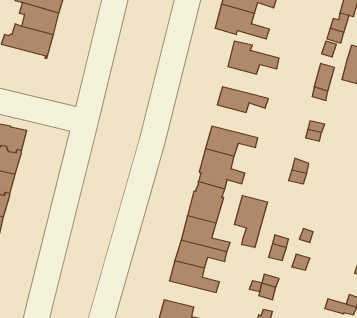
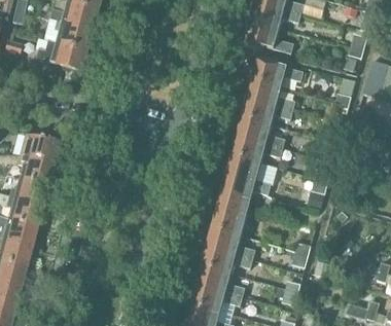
building: none -> [248,81,294,112]
building: none -> [238,118,285,150]
building: [234,195,267,248] -> none
building: none -> [191,288,242,314]

